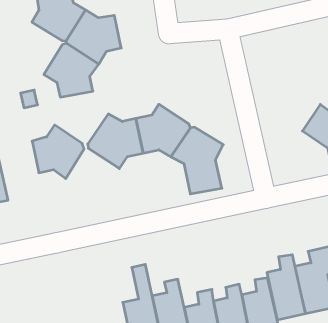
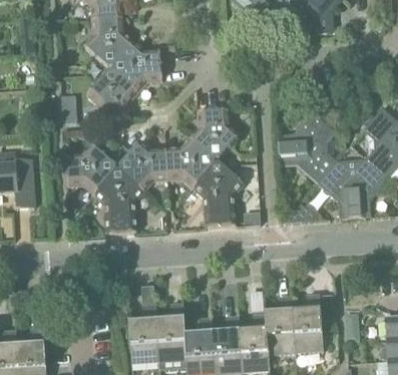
building: none -> [278,112,338,183]
building: none -> [188,111,239,161]
building: none -> [92,170,143,233]

